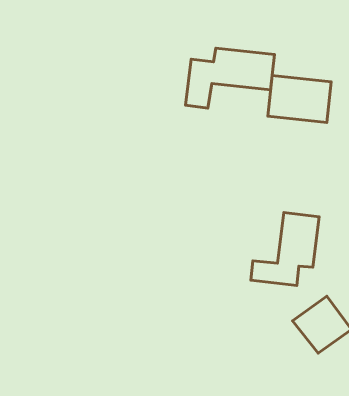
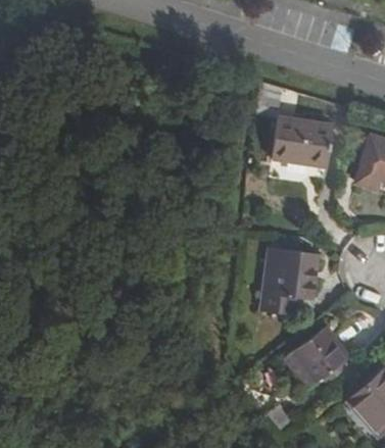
building: [185,48,275,108] -> none
building: none -> [255,243,285,294]

